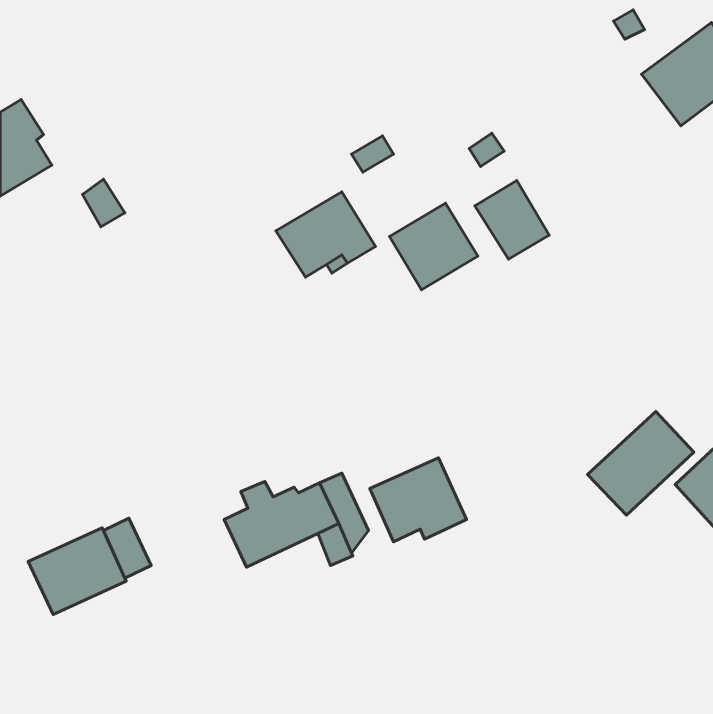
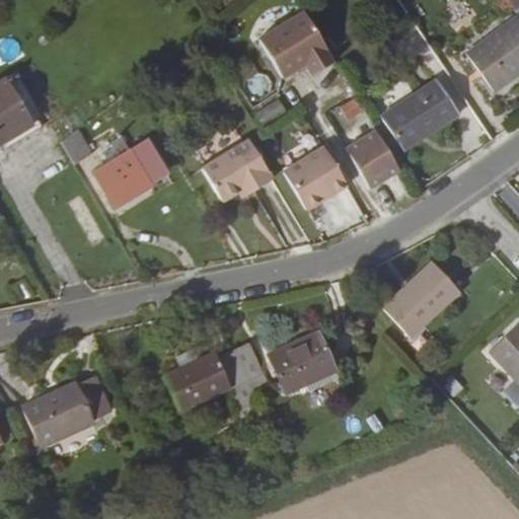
building: none -> [260,12,335,78]
building: none -> [382,79,458,145]
building: none -> [94,136,167,204]
building: [587,412,694,515] -> [383,262,460,337]

